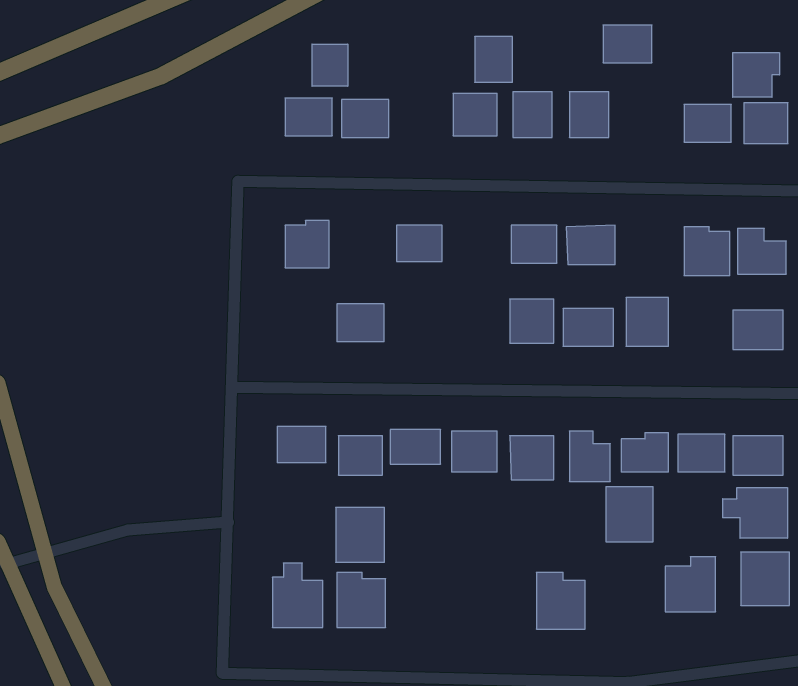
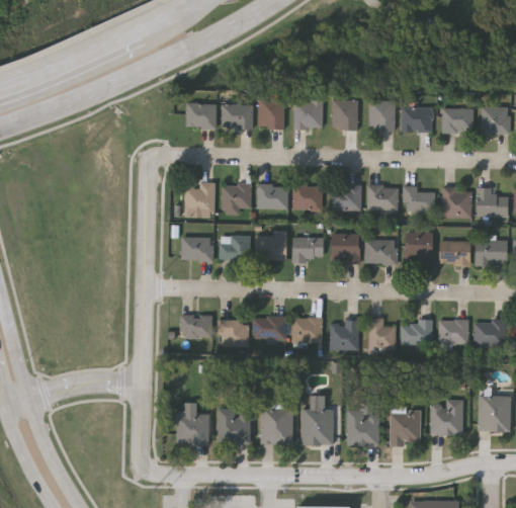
building: [603,25,652,63] -> [401,106,432,131]
building: [475,37,512,82] -> [259,99,283,129]
building: [312,44,348,86] -> none
building: [733,53,779,97] -> none
building: none -> [222,183,250,208]
building: none -> [292,185,321,210]
building: none -> [404,185,434,211]
building: none -> [254,233,284,259]
building: none -> [181,237,212,260]
building: none -> [290,237,322,261]
building: none -> [438,241,469,265]
building: [606,487,653,542] -> [390,409,420,444]
building: [723,488,787,538] -> none
building: [336,507,384,562] -> [261,409,292,444]
building: none -> [300,409,333,444]

